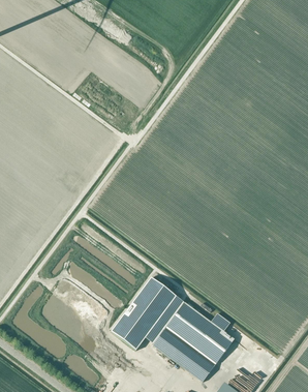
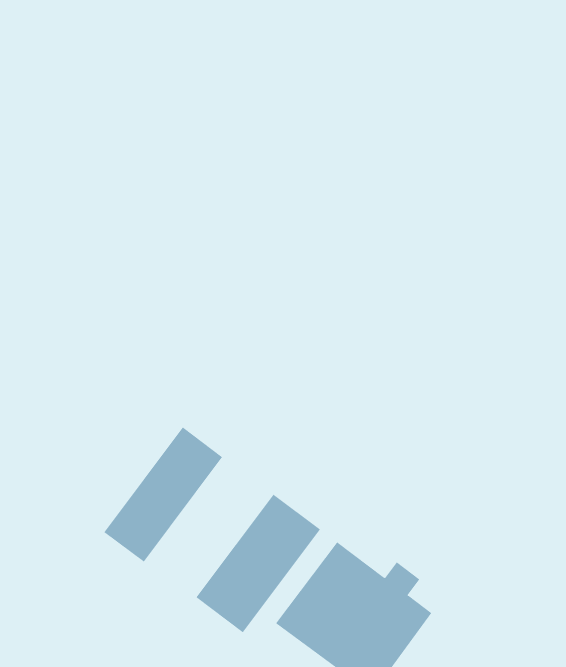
building: none -> [103,427,223,563]

